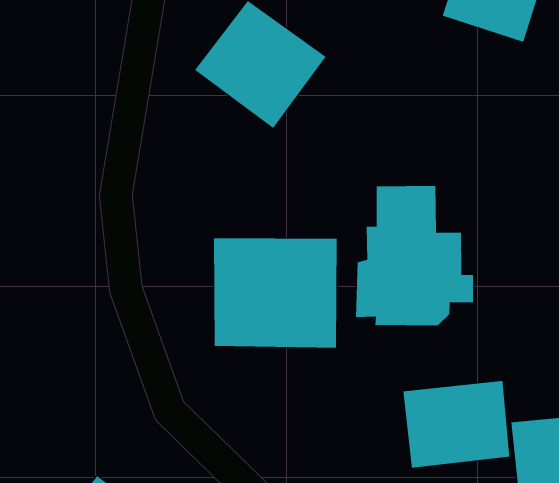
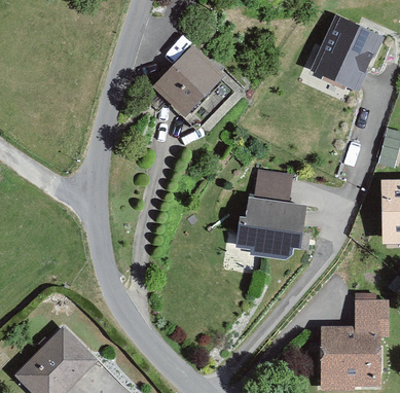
building: [213,238,337,348] -> none
building: [403,380,510,468] -> none

